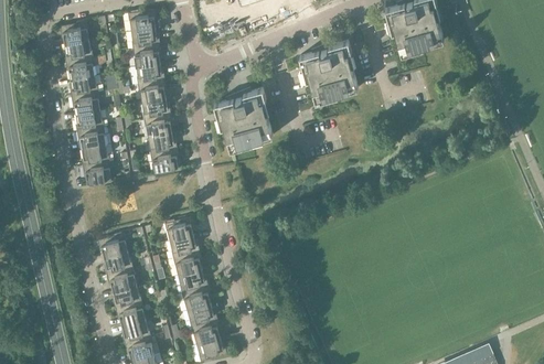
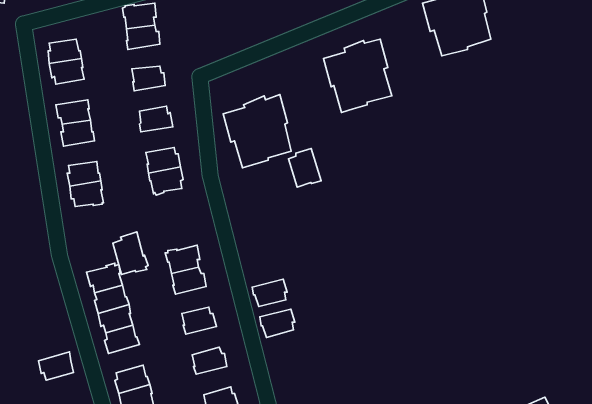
building: [60,21,88,44] -> none
building: [132,45,162,66] -> none
building: [70,75,98,97] -> none
building: [138,81,167,103] -> none
building: [143,116,173,138] -> none
building: [77,128,106,149] -> none
building: none -> [289,148,321,187]
building: none -> [113,232,148,275]
building: [173,253,203,276] -> [252,279,287,306]
building: [182,287,212,311] -> [260,309,295,338]
building: [116,302,146,326] -> [39,352,73,380]
building: [191,321,221,345] -> none

